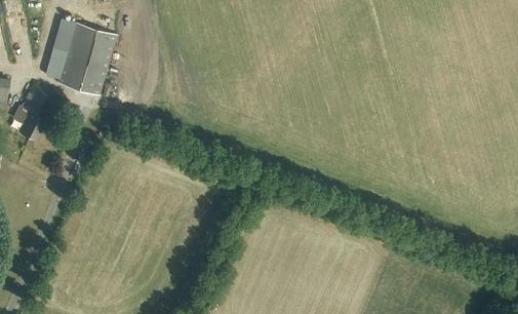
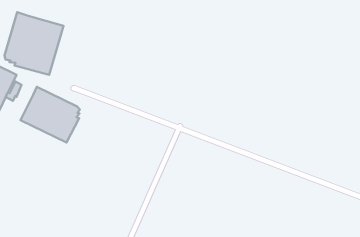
building: none -> [21,87,80,142]

